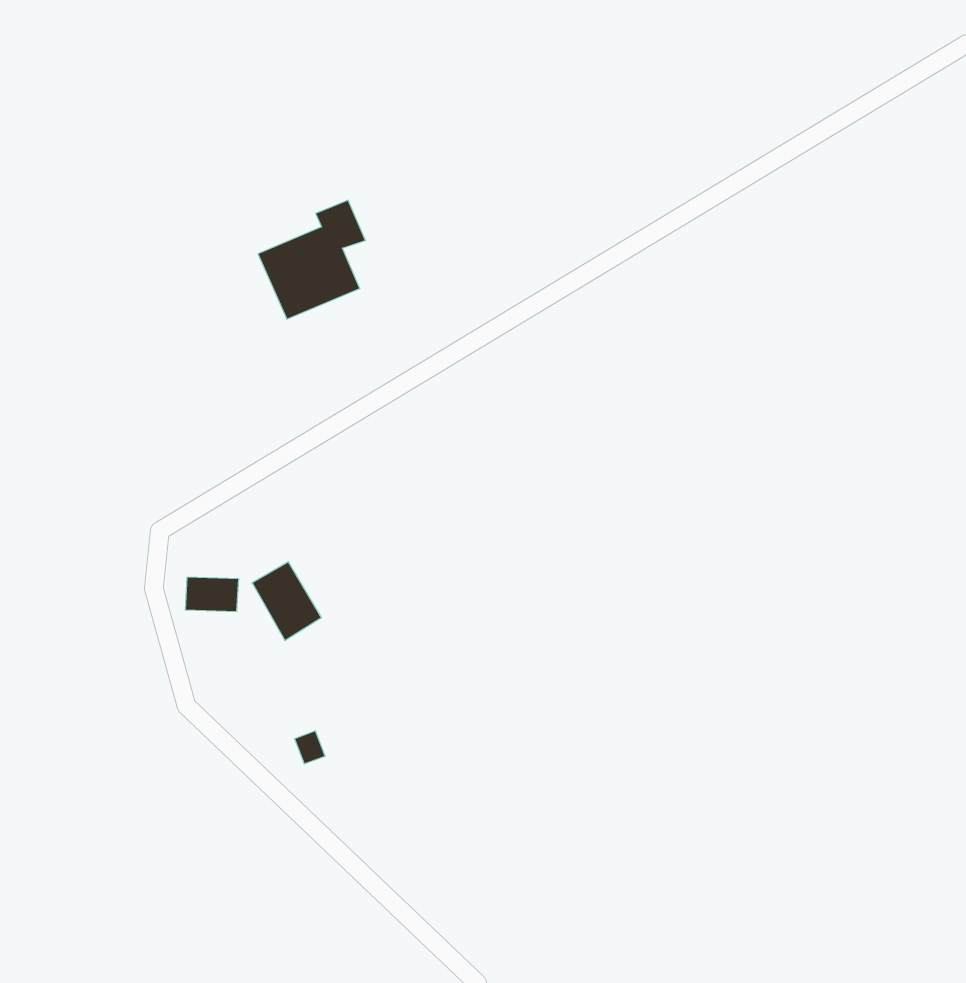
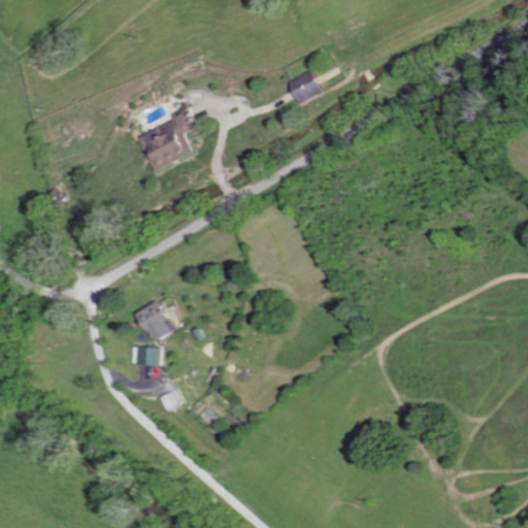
building: none -> [289,70,322,102]
building: [185,577,239,612] -> [129,346,158,365]

